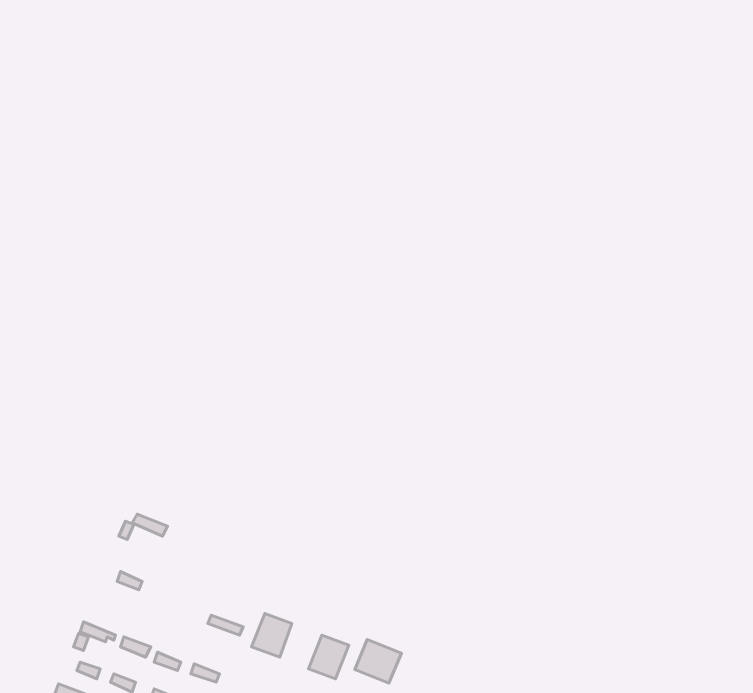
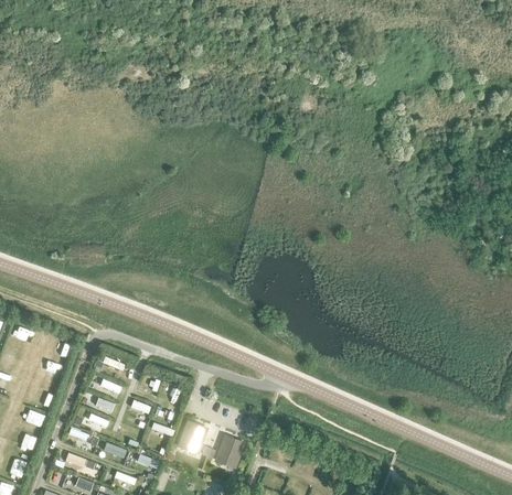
building: [355,640,401,683] -> none

